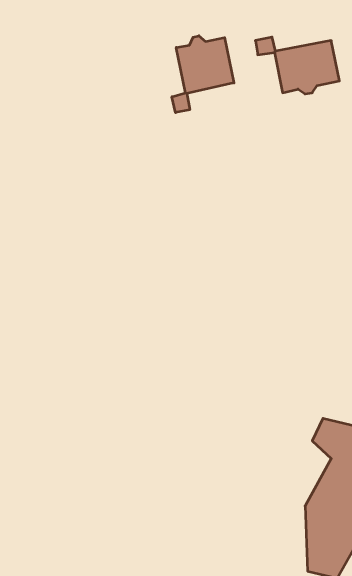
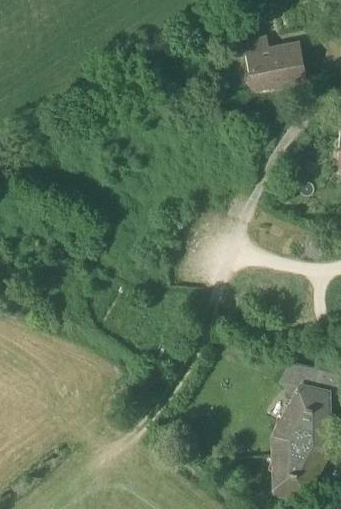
building: [172,36,234,113] -> none

